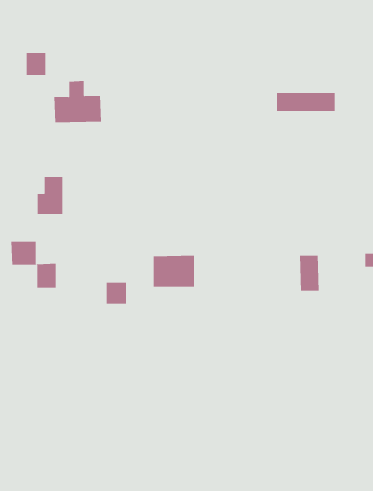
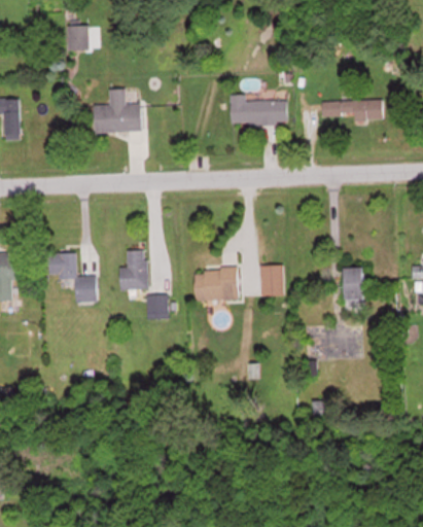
building: [26,53,46,76] -> [68,26,89,49]
building: none -> [230,96,286,125]
building: [37,176,63,215] -> [119,250,146,289]
building: none -> [259,265,283,295]

